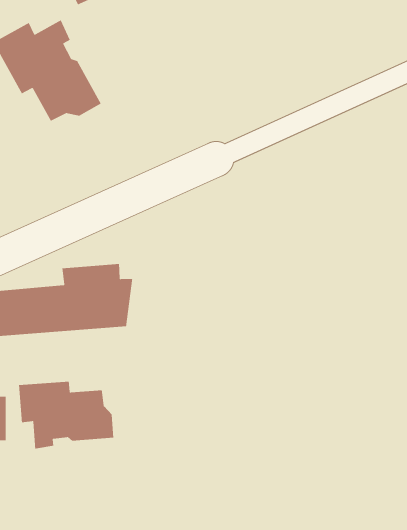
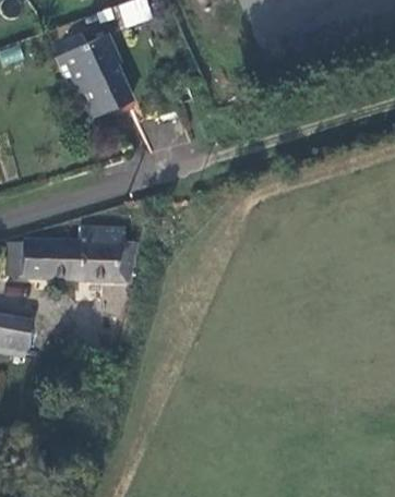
building: [18,381,114,449] -> none

